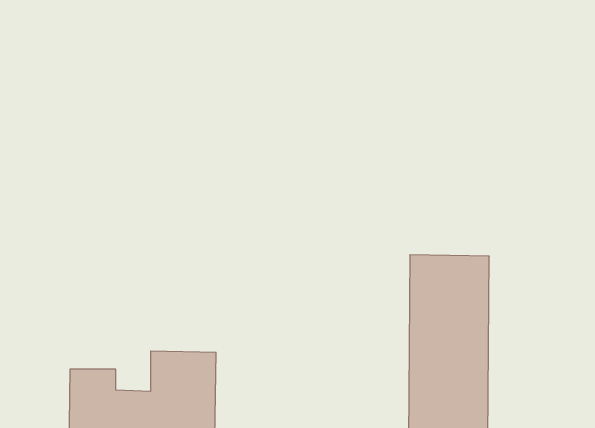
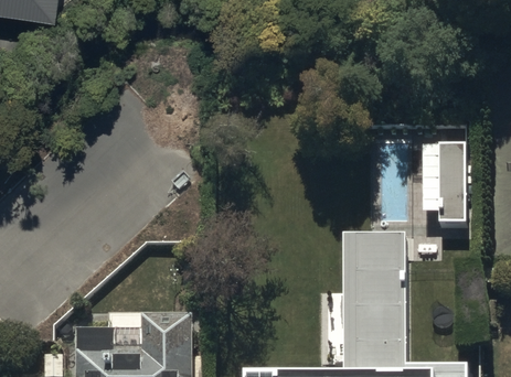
building: none -> [419,138,461,215]

